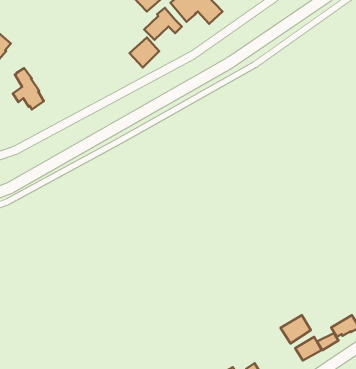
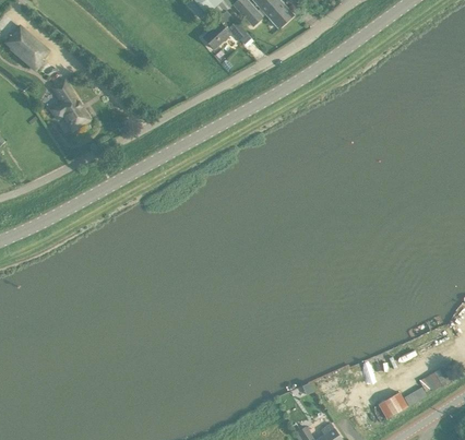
building: [129,37,159,67] -> none
building: [281,315,311,344] -> none

